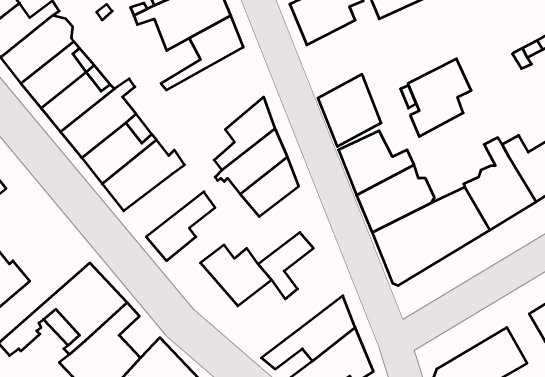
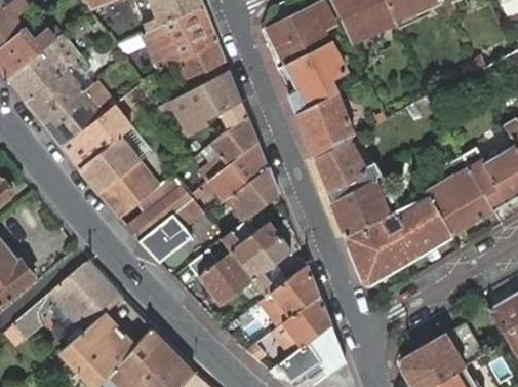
building: none -> [158,68,241,134]
building: [408,59,471,137] -> [285,43,343,114]
building: none -> [127,175,192,240]
building: none -> [222,221,279,265]
building: none -> [261,266,318,324]

